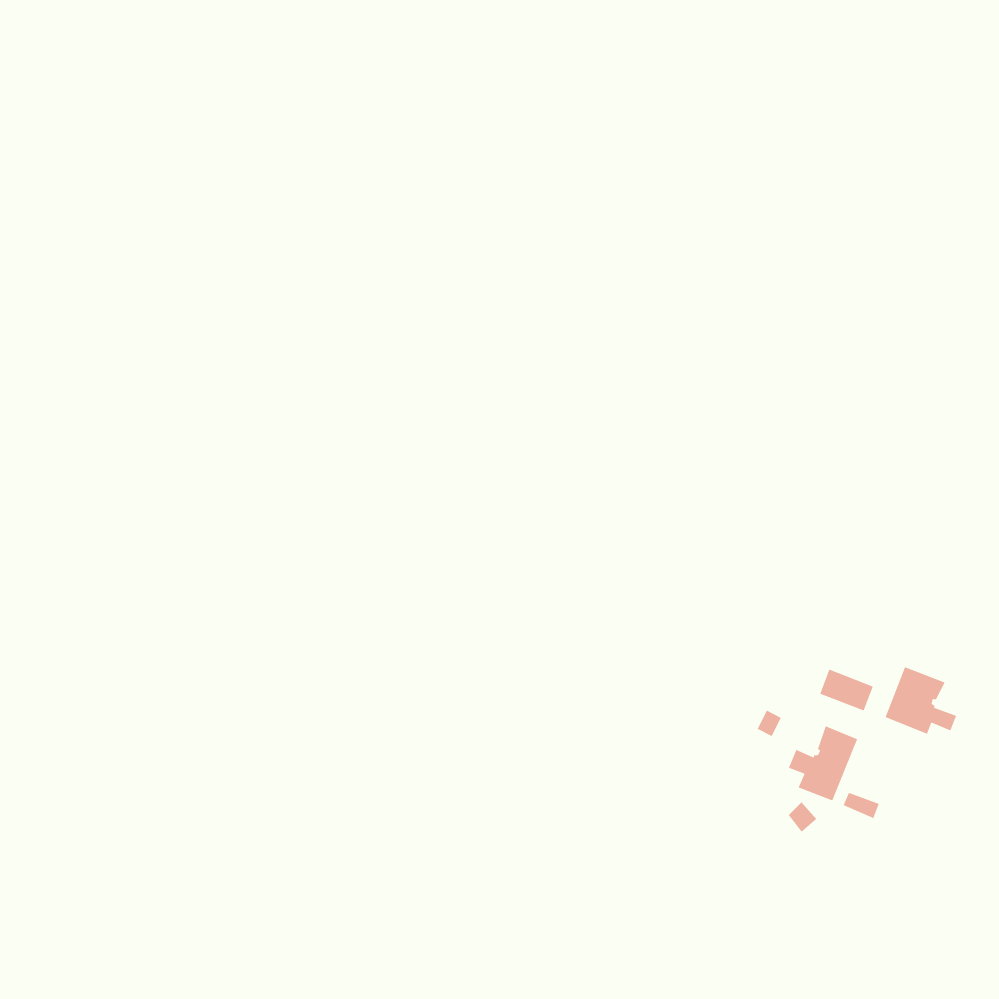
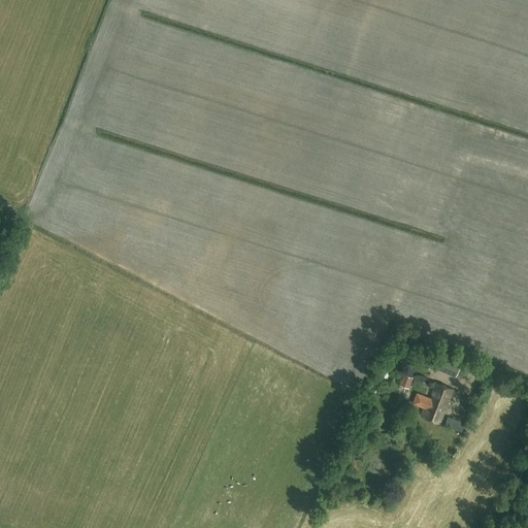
building: [884,666,957,735] -> none

